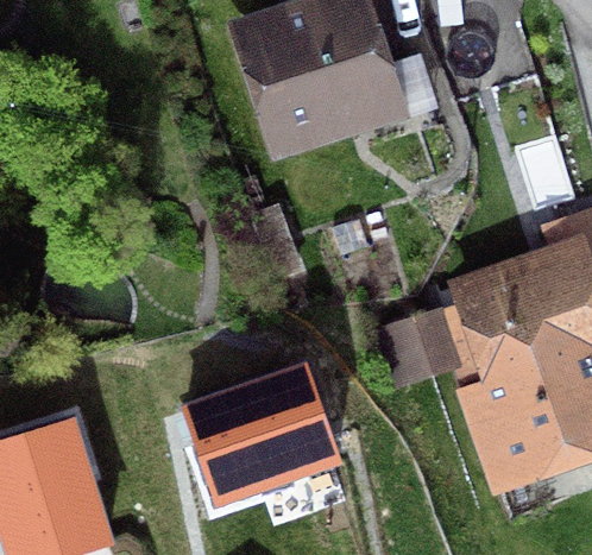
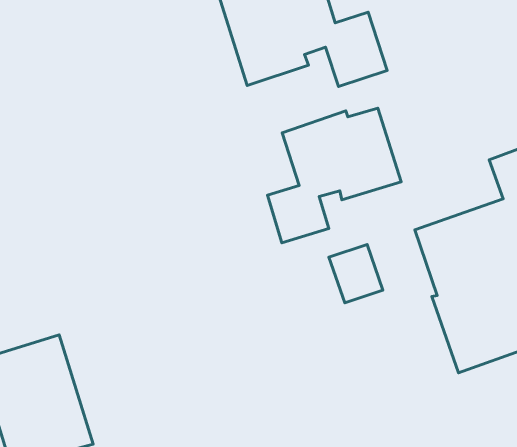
building: none -> [268,108,401,243]
building: [184,368,336,500] -> none

